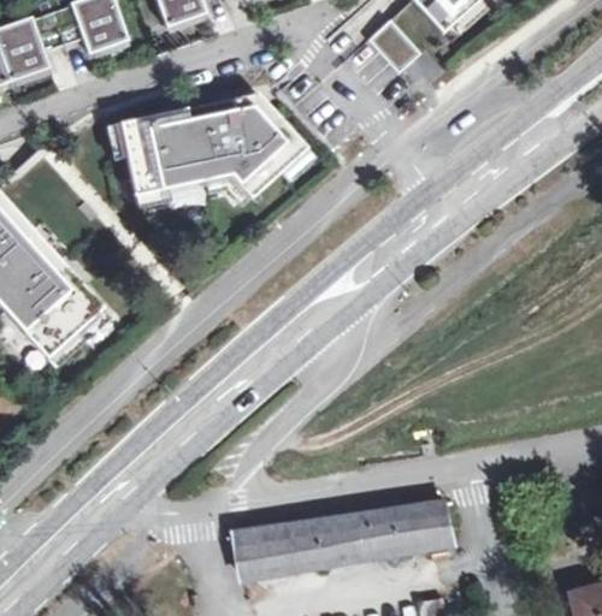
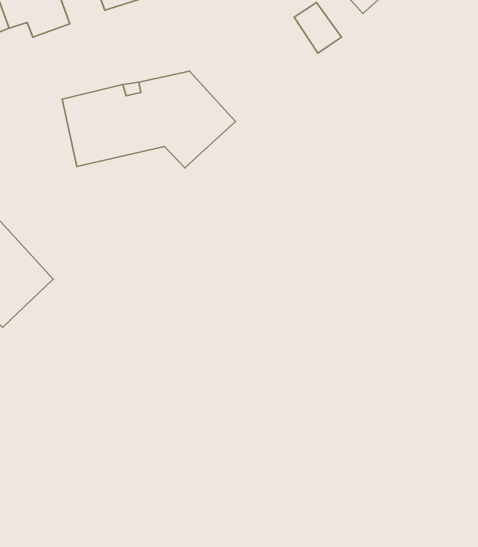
building: [231,500,452,580] -> none

